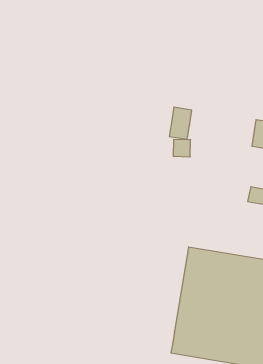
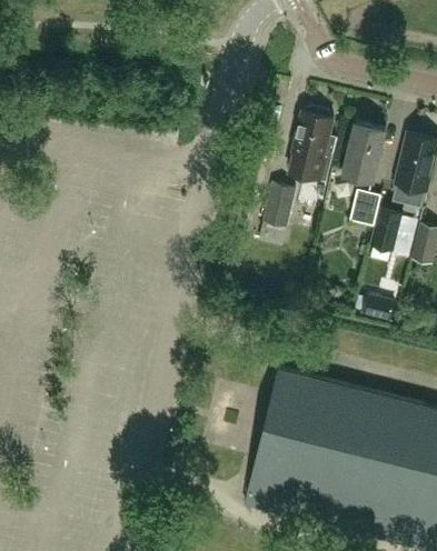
building: none -> [289,106,337,180]
building: none -> [344,121,386,180]
building: none -> [350,187,380,222]

